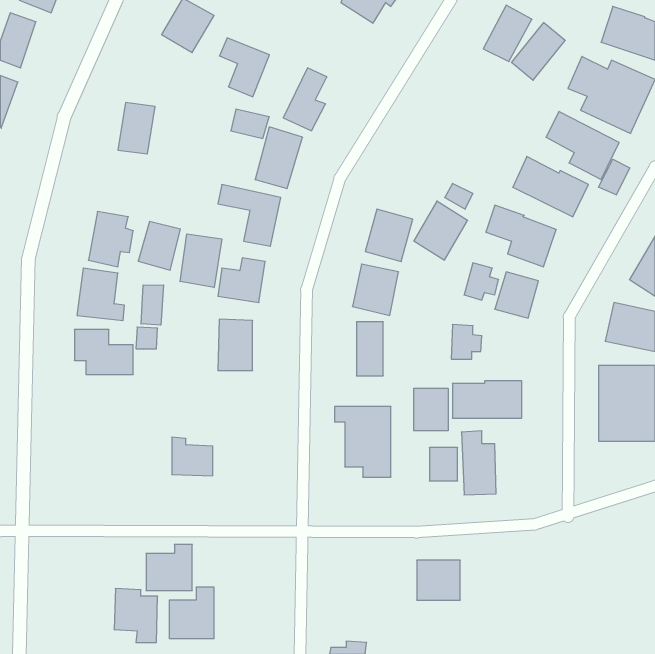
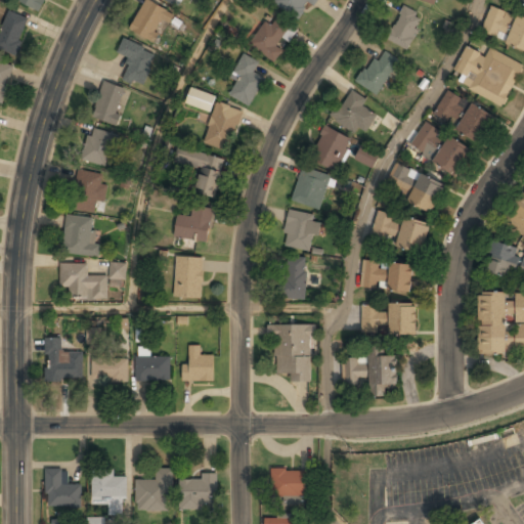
building: none -> [249,16,296,60]
building: [511,23,565,80] -> [357,48,400,94]
building: [219,38,269,97] -> [117,39,157,86]
building: none -> [331,88,375,136]
building: [599,159,630,195] -> none
building: [414,201,468,260] -> [308,124,351,171]
building: [138,221,180,270] -> [81,127,115,166]
building: [180,234,222,288] -> none
building: [141,285,163,325] -> none
building: none -> [388,263,412,292]
building: [414,388,448,431] -> none
building: none -> [44,337,83,380]
building: none -> [182,344,213,379]
building: none -> [92,357,127,381]
building: [146,544,192,591] -> [179,472,216,509]
building: [417,560,460,600] -> [271,468,306,499]
building: none -> [45,468,81,507]

